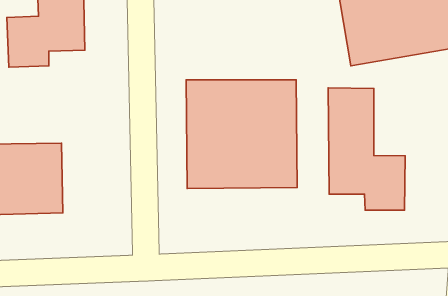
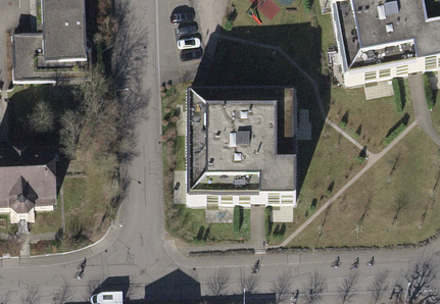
building: [328,88,405,210] -> none

